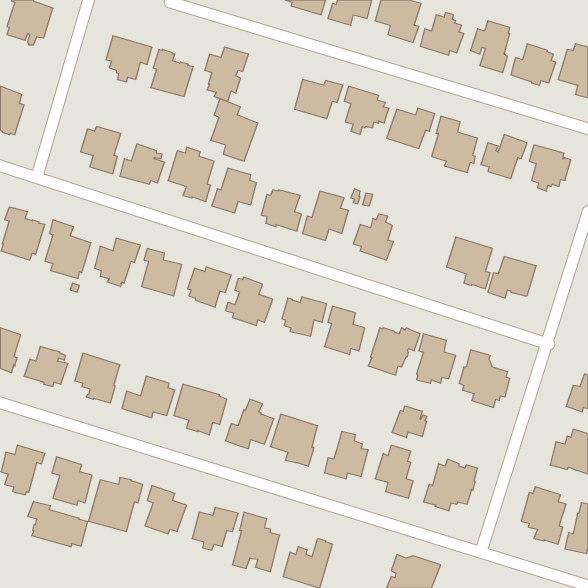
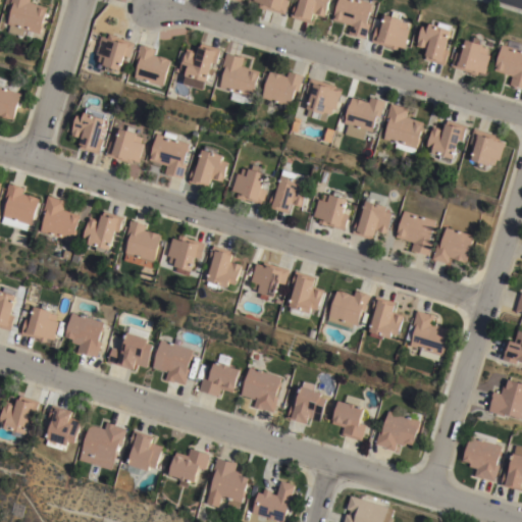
building: [211,99,258,161] -> [218,50,260,105]
building: none -> [353,191,393,240]
building: [392,406,427,438] -> none
building: [28,501,88,547] -> none

